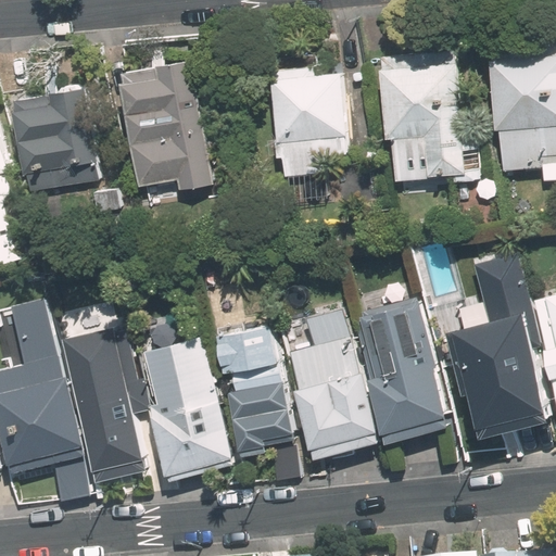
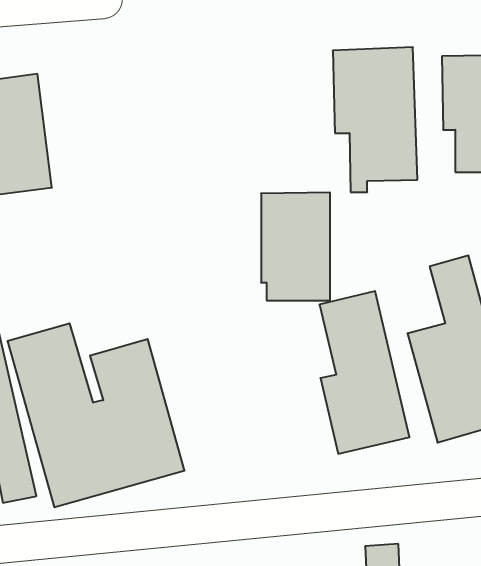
building: [118,62,212,188] -> none
building: [270,70,338,175] -> [261,192,330,300]
building: [288,305,382,462] -> none
building: [215,318,294,454] -> none

